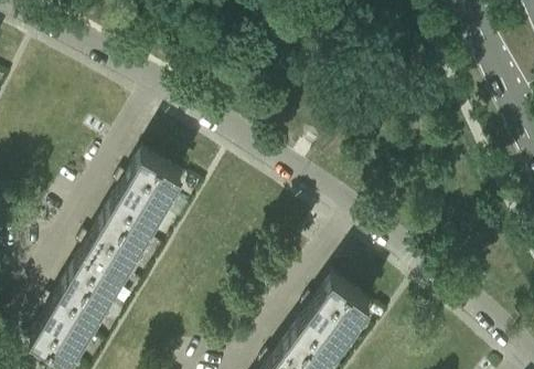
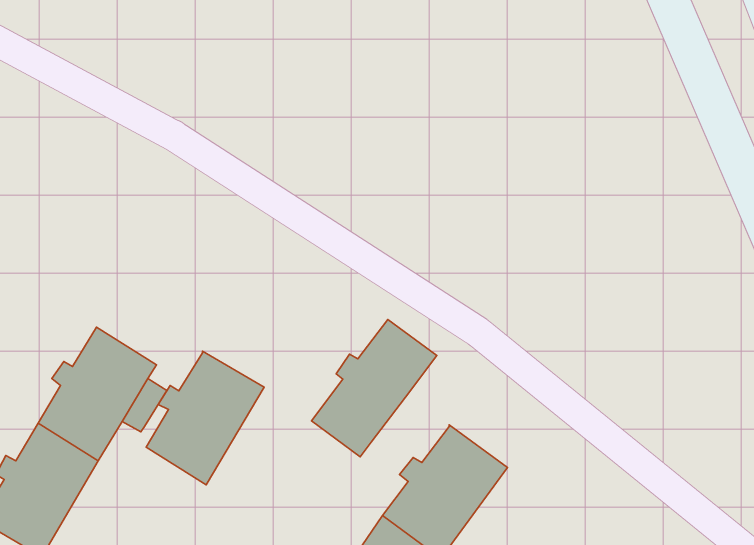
building: [107,159,183,245] -> [146,351,264,485]
building: none -> [311,319,437,457]

